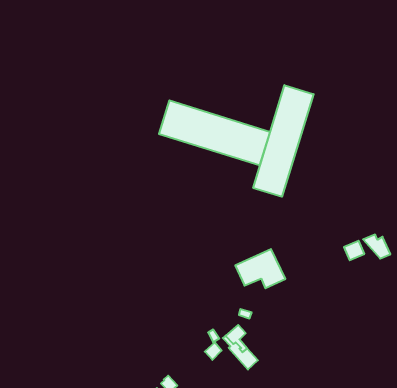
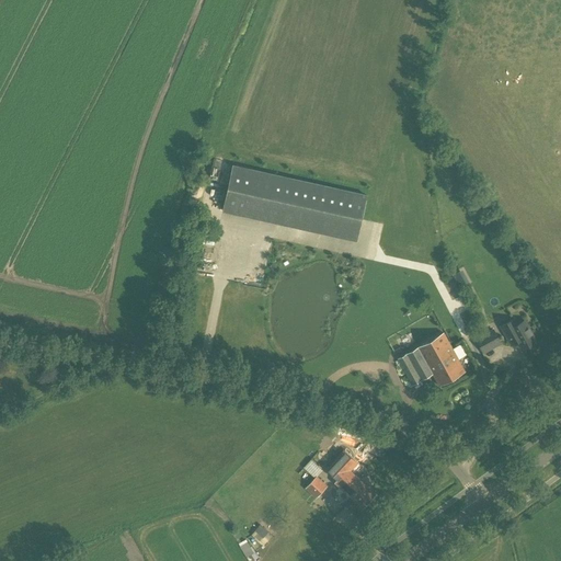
building: [253,85,314,197] -> none
building: [235,249,285,288] -> [399,333,466,385]

